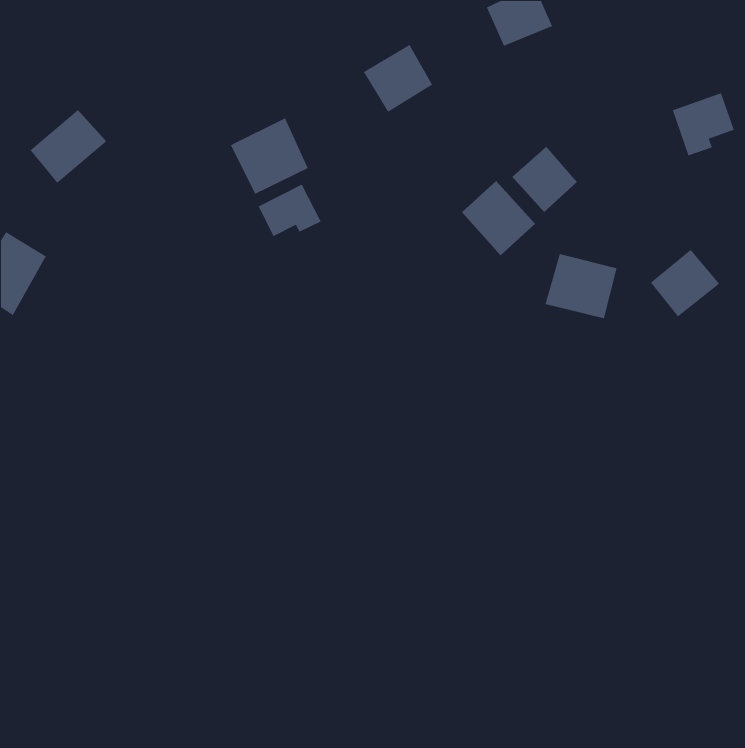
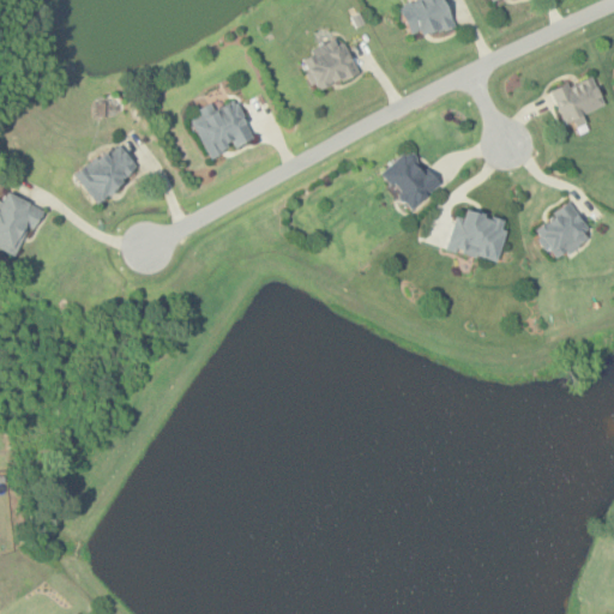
building: [30,109,107,184] -> [76,142,139,203]
building: [512,146,578,213] -> none
building: [257,184,322,237] -> none

